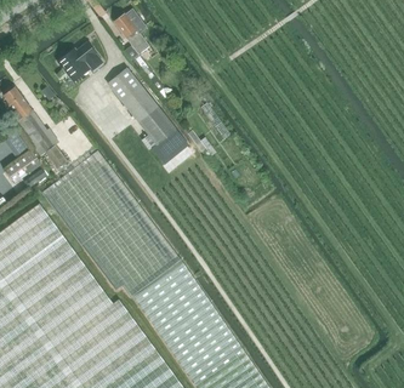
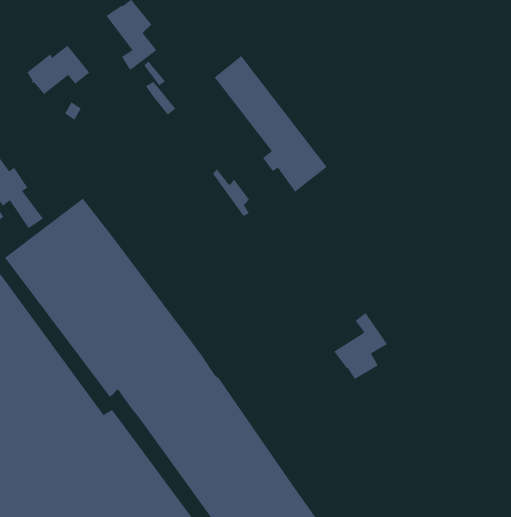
building: [108,68,188,165] -> [214,55,327,192]
building: none -> [333,312,388,380]

